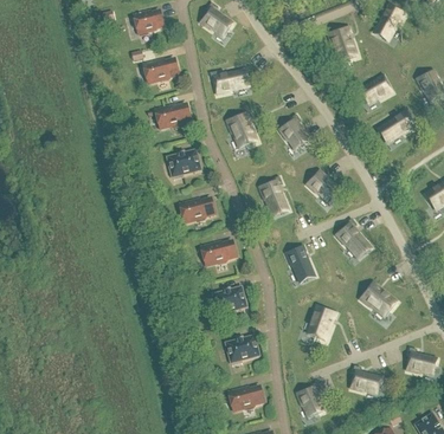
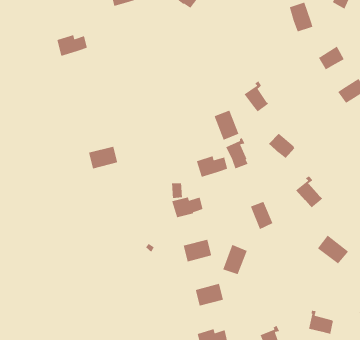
building: [143,58,178,83] -> [56,34,88,57]
building: [210,71,243,93] -> none
building: [155,104,189,128] -> none
building: [227,114,256,148] -> [213,109,239,141]
building: [167,150,200,176] -> [88,146,118,169]
building: [179,197,214,222] -> [196,155,228,178]
building: [307,305,335,339] -> [222,244,248,275]

